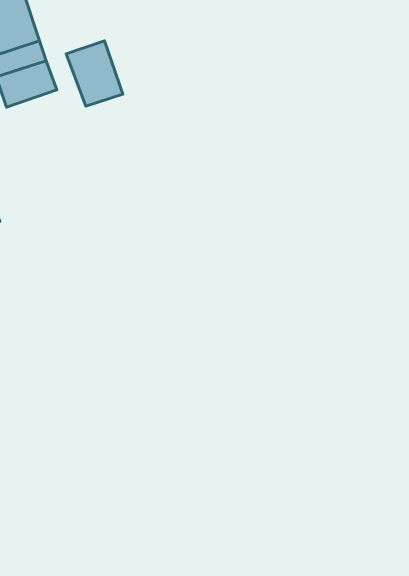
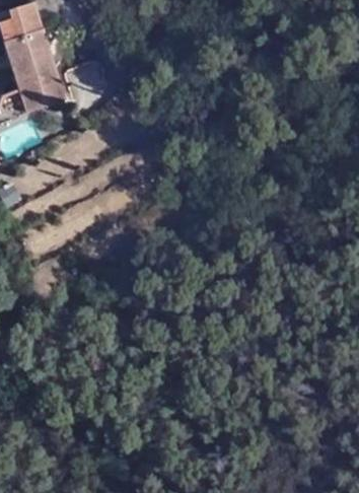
building: [66,41,123,106] -> none

